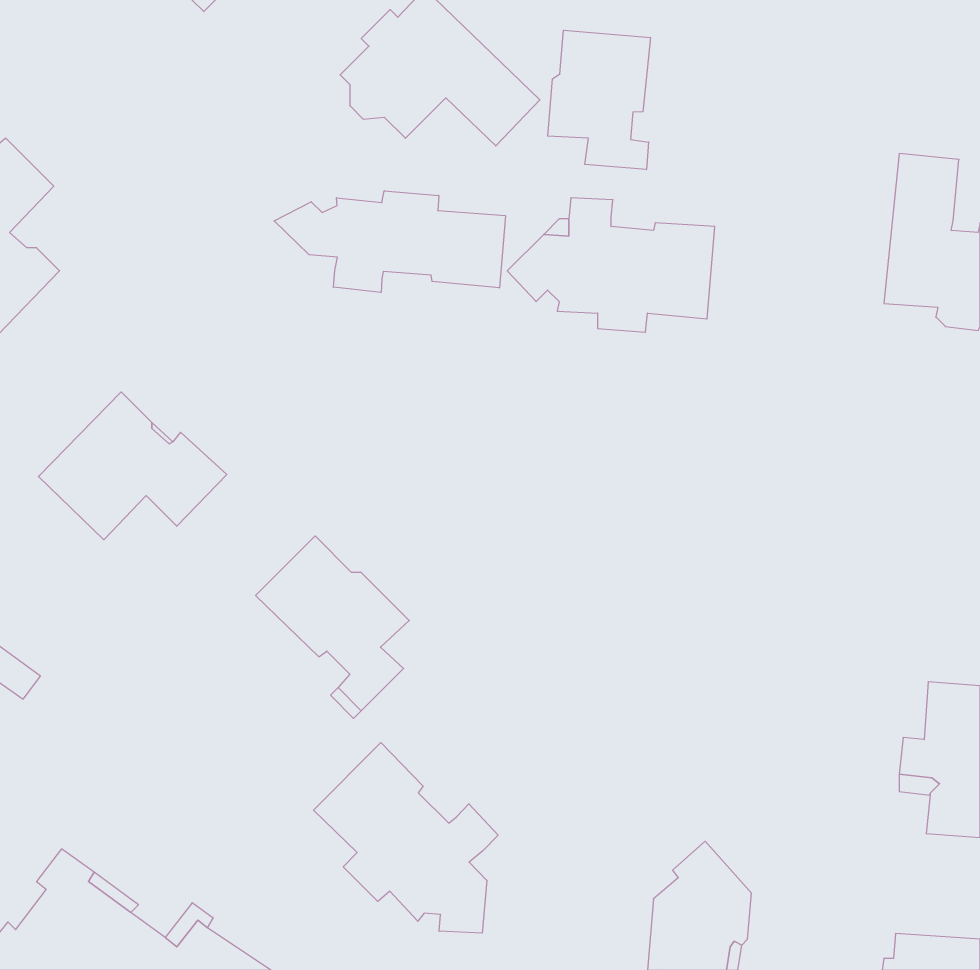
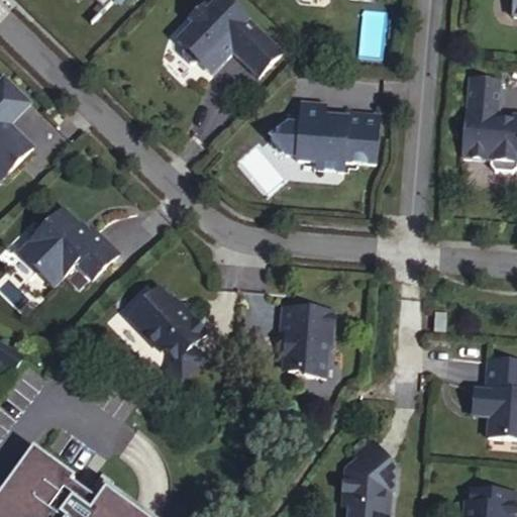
building: [548,30,650,170] -> none
building: [274,191,505,292] -> none
building: none -> [282,306,336,376]
building: [314,743,498,933] -> none

